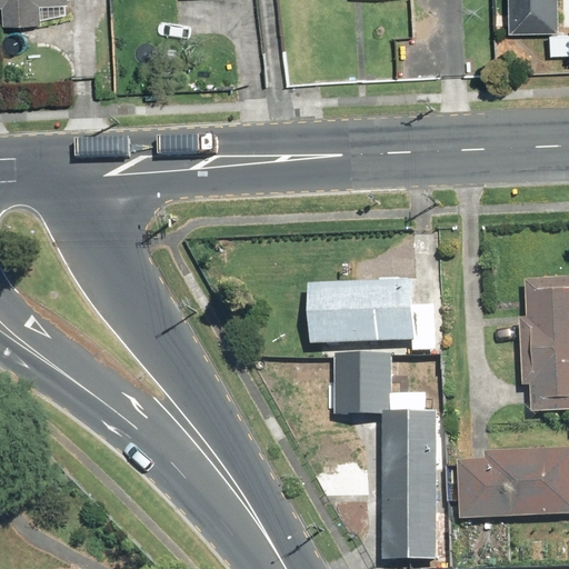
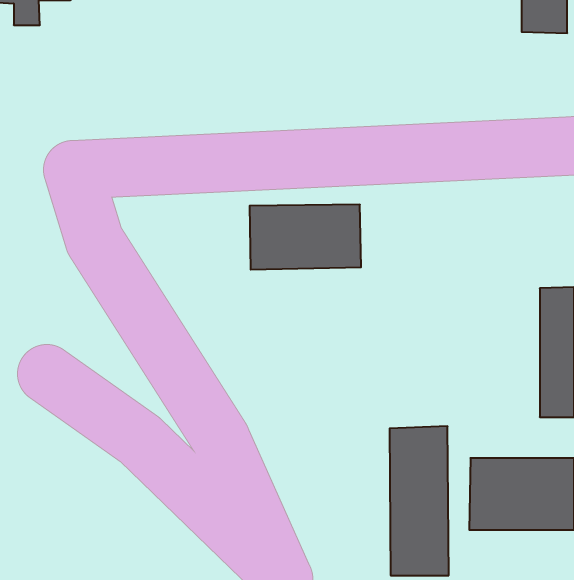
building: [310,278,419,341] -> [250,205,361,270]
building: [335,348,390,415] -> none

